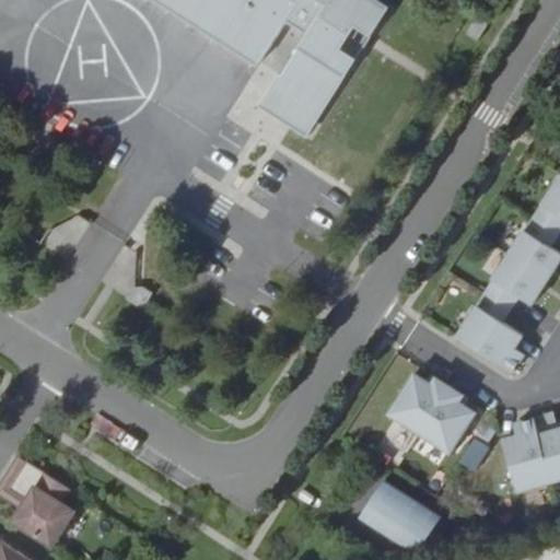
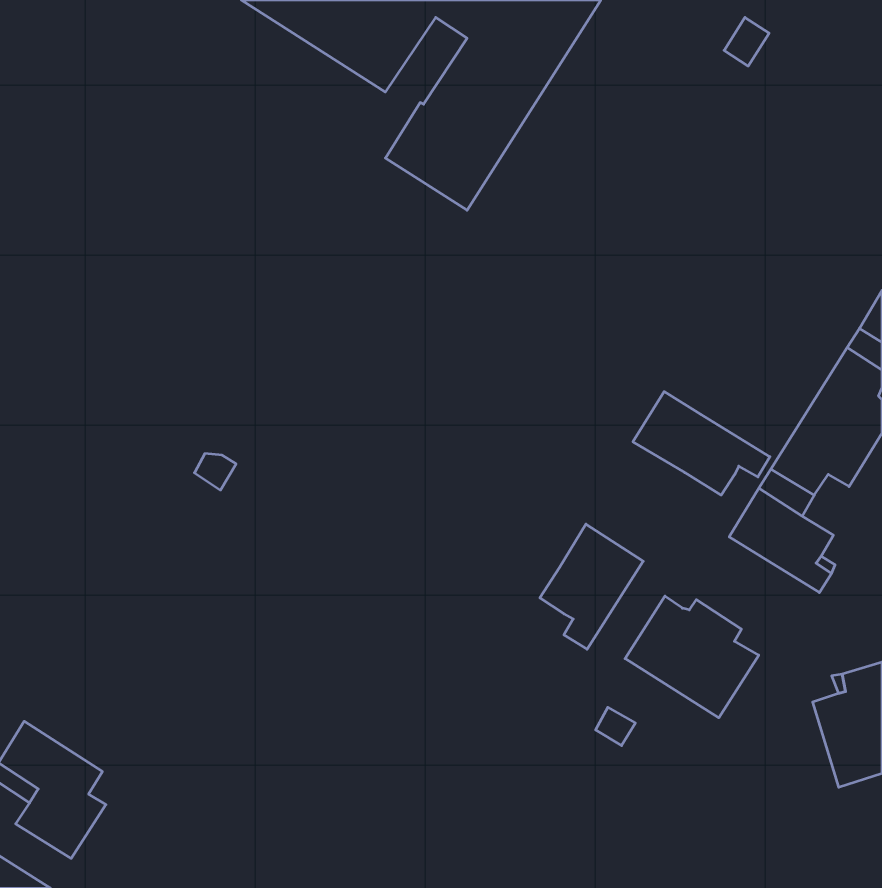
building: none -> [633,392,770,495]
building: none -> [540,524,643,649]
building: [359,478,440,551] -> none

